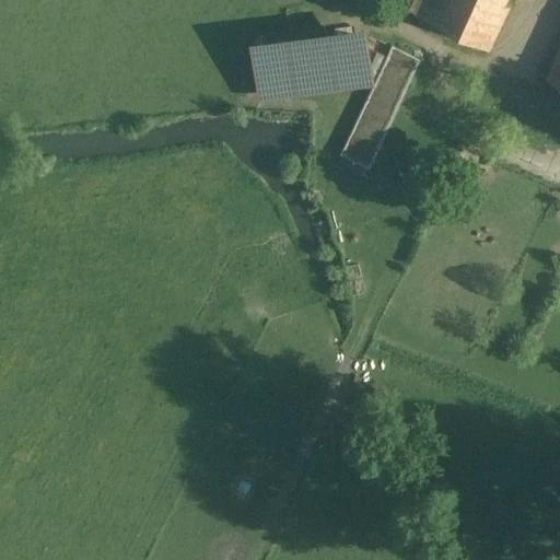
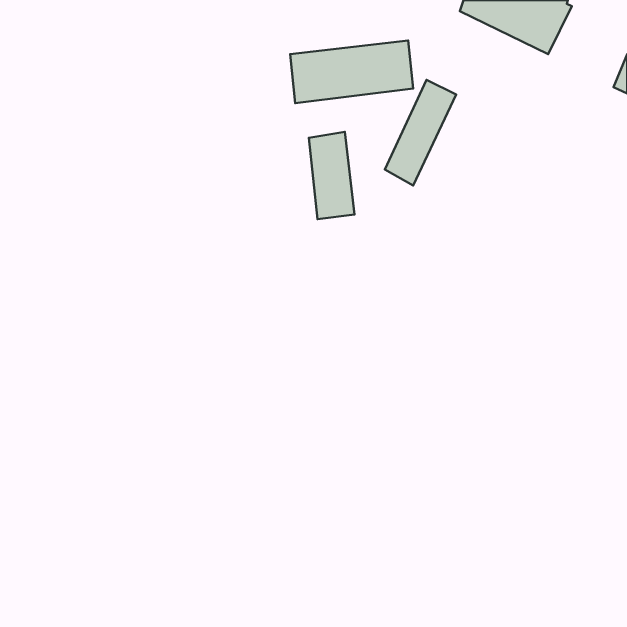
building: [380,47,418,85] -> none
building: none -> [309,132,354,219]

